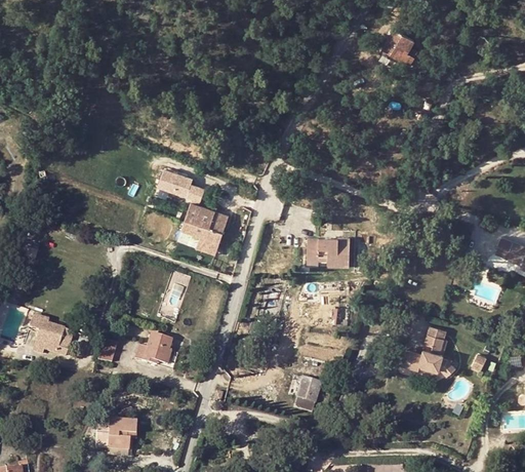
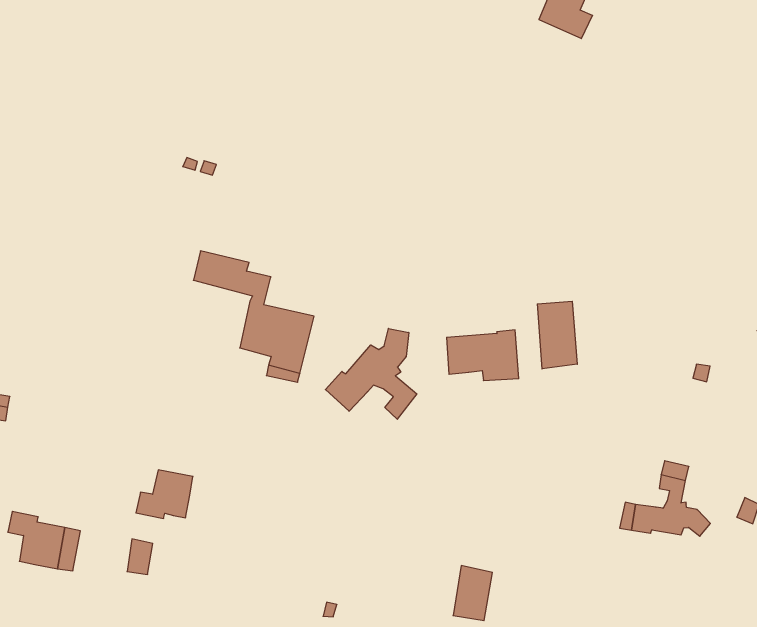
building: none -> [537,301,577,369]
building: none -> [325,328,417,419]
building: [134,332,171,363] -> [136,470,193,518]

